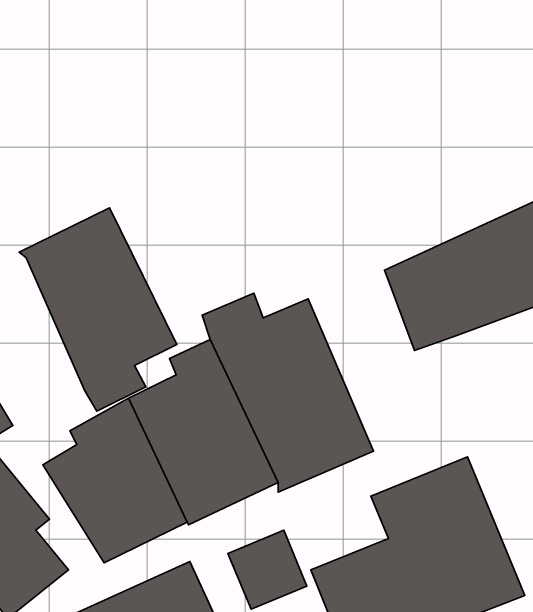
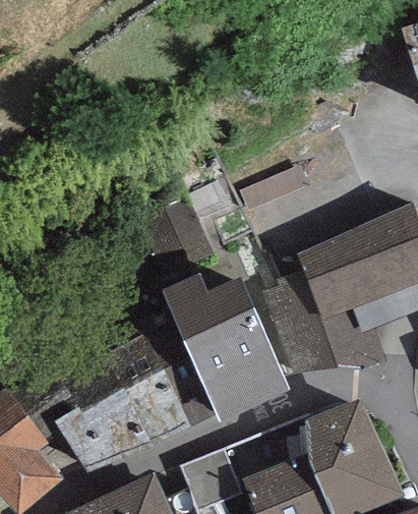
building: [19,208,177,411] -> none
building: none -> [263,269,372,387]

